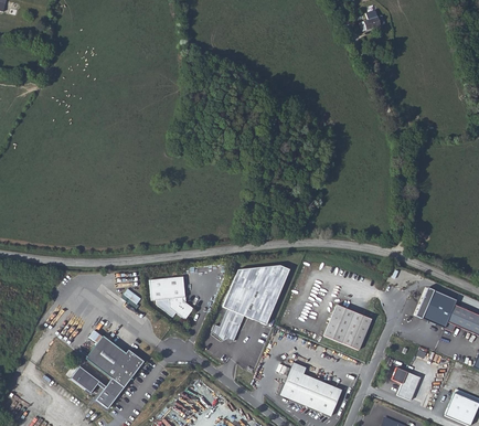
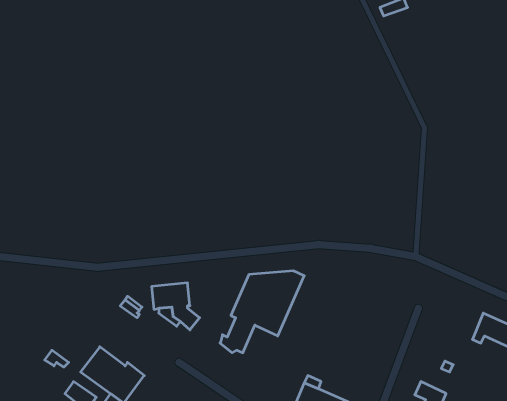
building: [414,286,457,328] -> none
building: [324,305,371,350] -> none

